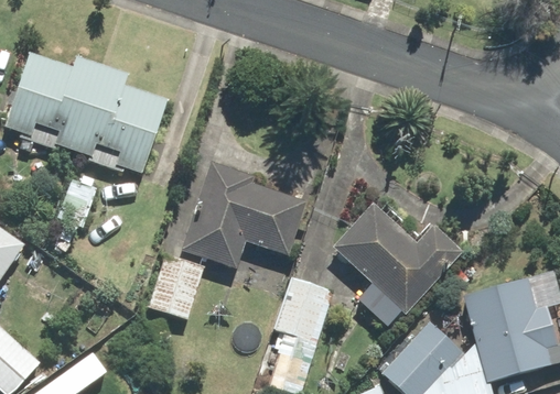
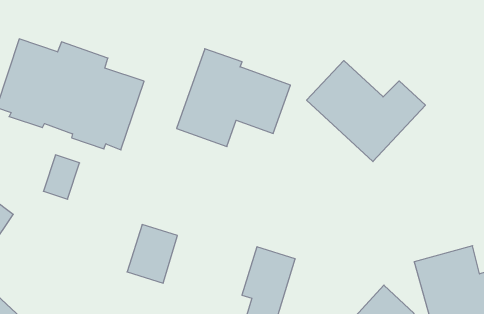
building: [182,163,306,270] -> [177,49,290,147]
building: [333,204,463,314] -> [307,61,425,162]

